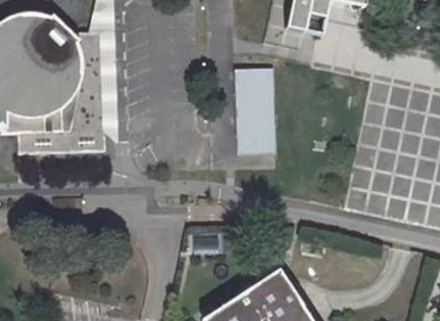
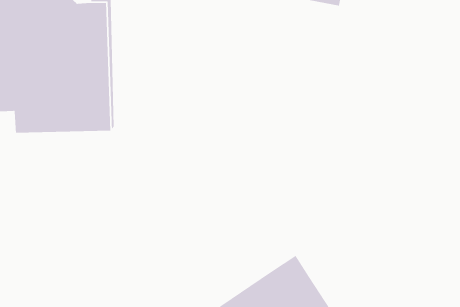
building: [236,68,279,156] -> none

